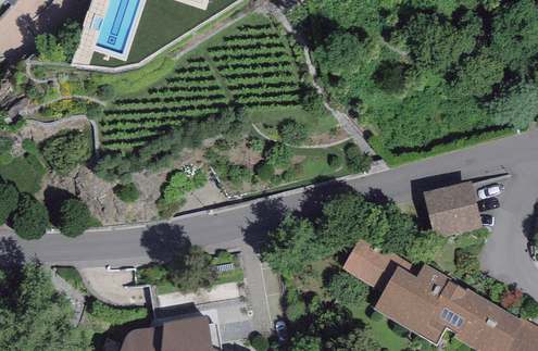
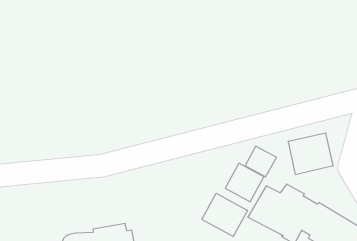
building: none -> [245,146,276,177]
building: none -> [202,193,248,237]

